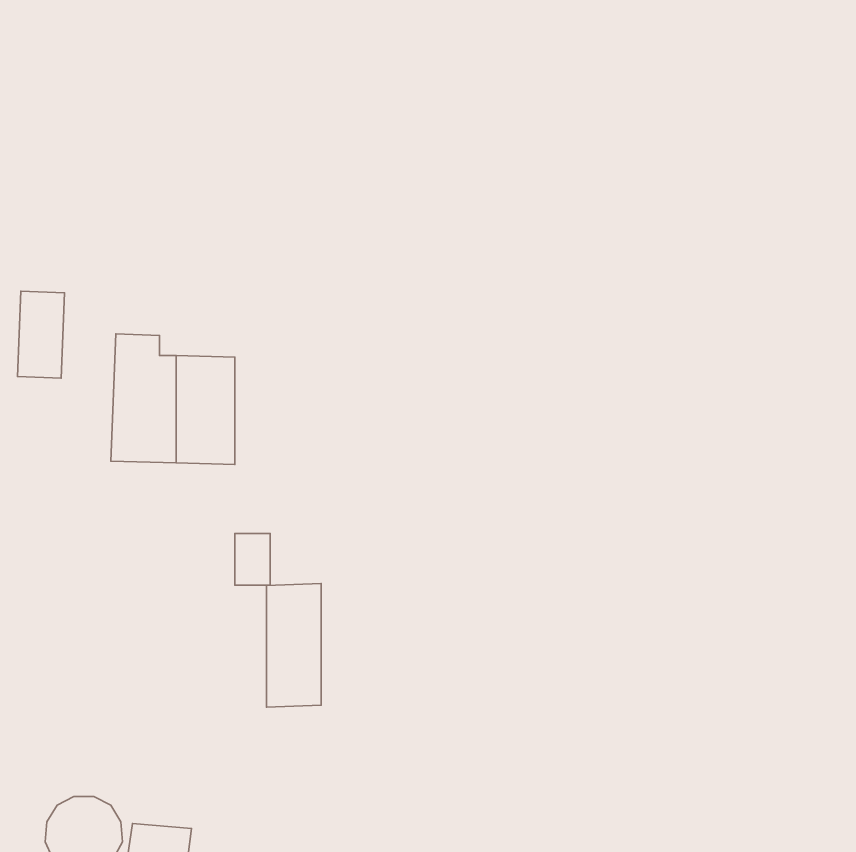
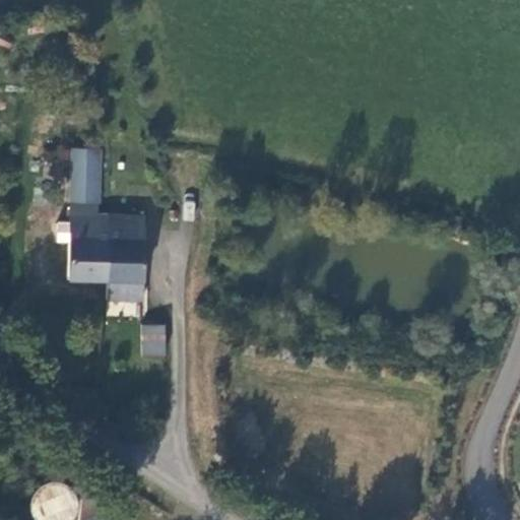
building: [18,291,65,378] -> [71,153,100,206]
building: [266,584,321,707] -> none

